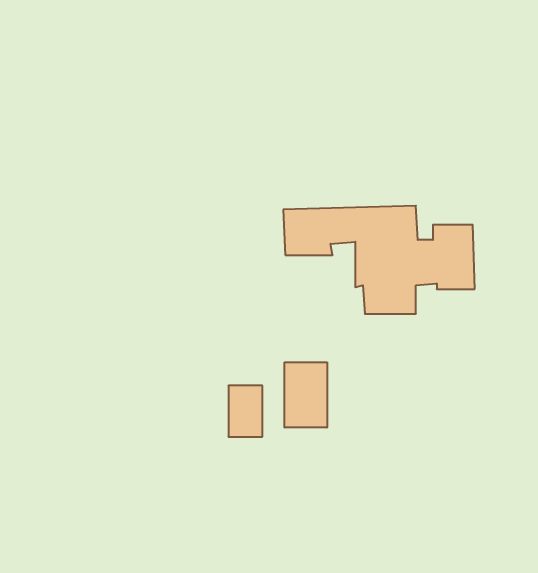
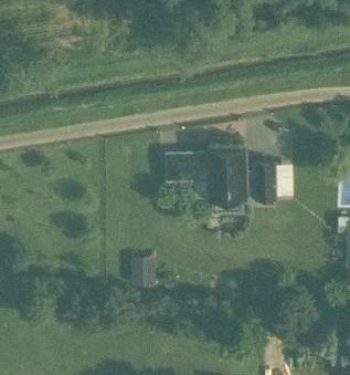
building: [285,362,327,428] -> none

